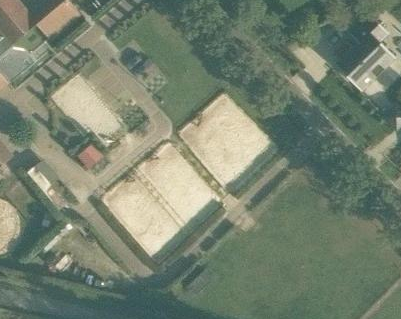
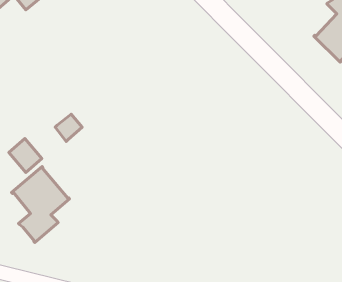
building: none -> [12,167,70,242]

